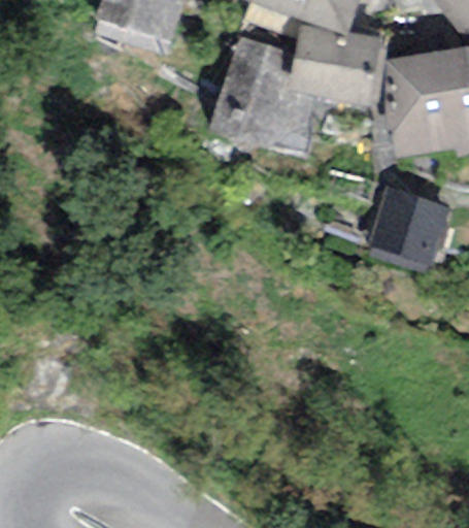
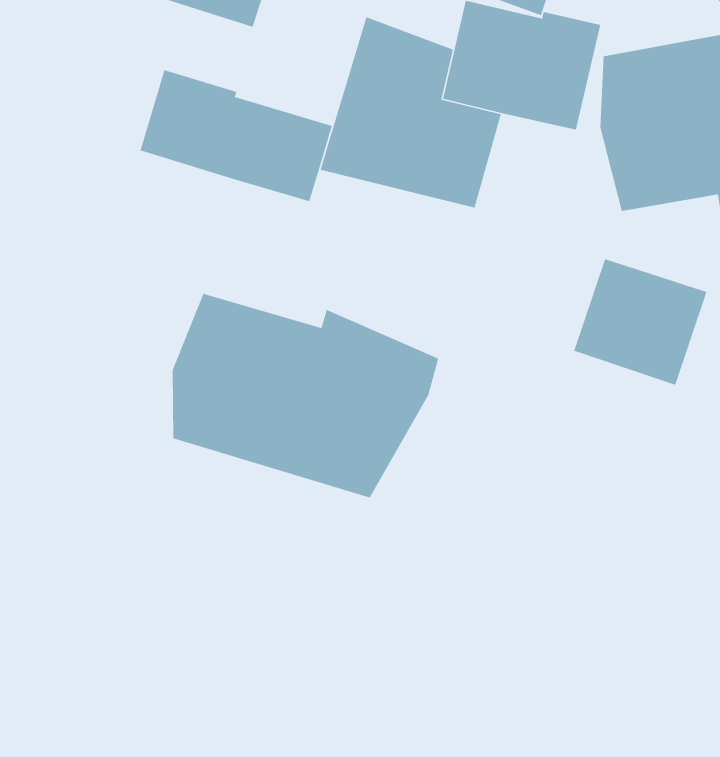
building: none -> [139,69,333,202]
building: none -> [172,293,439,498]

